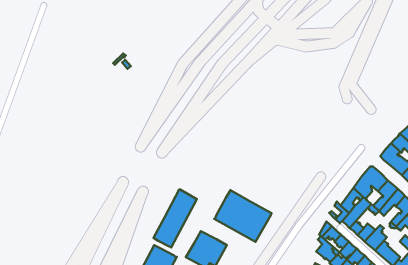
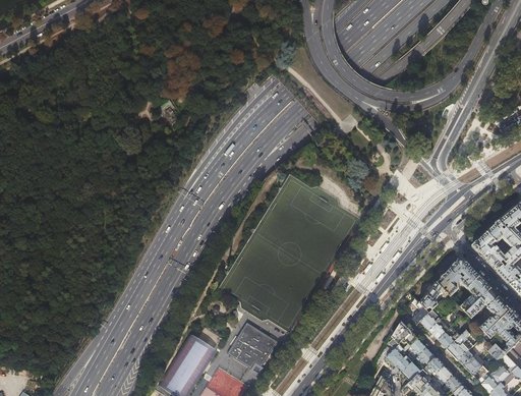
building: [153,189,197,248] -> none
building: [214,190,272,242] -> none

